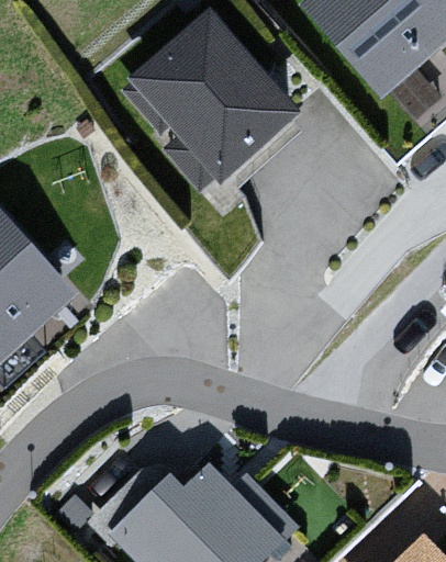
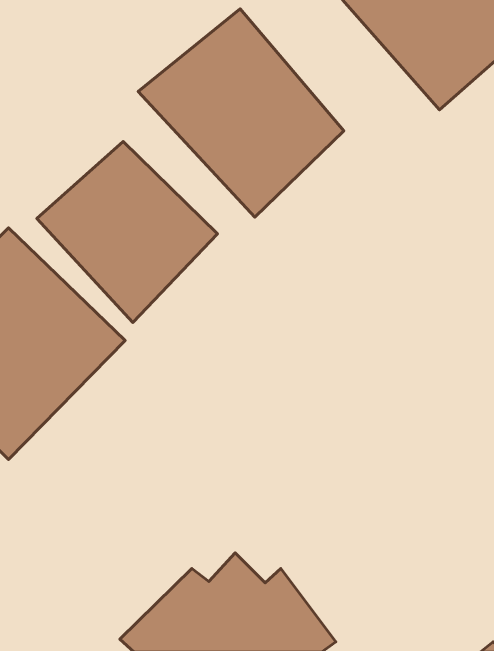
building: none -> [37,142,218,322]

